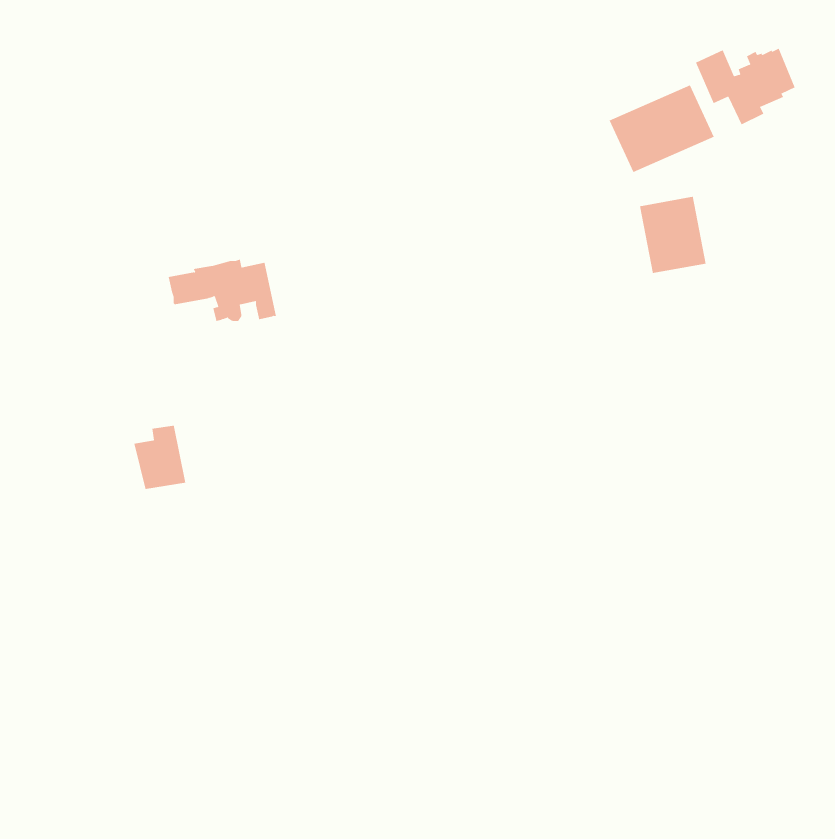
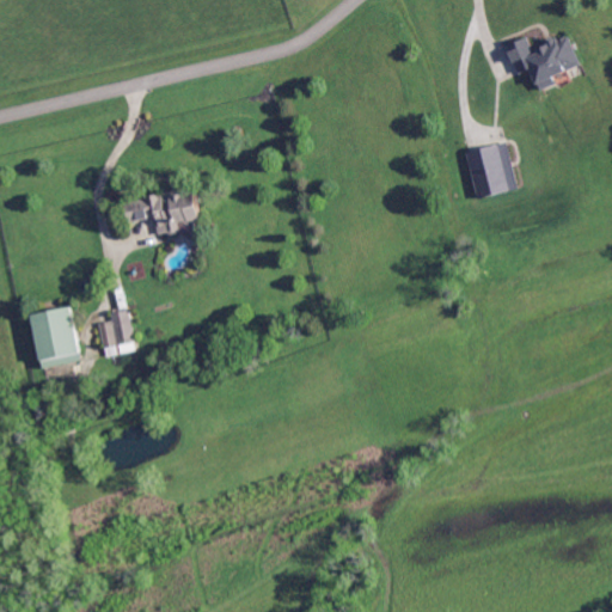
building: [609,84,714,173] -> none
building: none -> [32,306,81,367]

